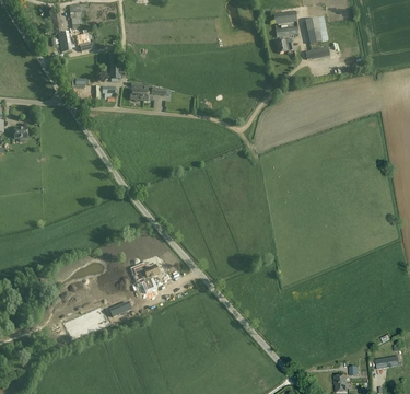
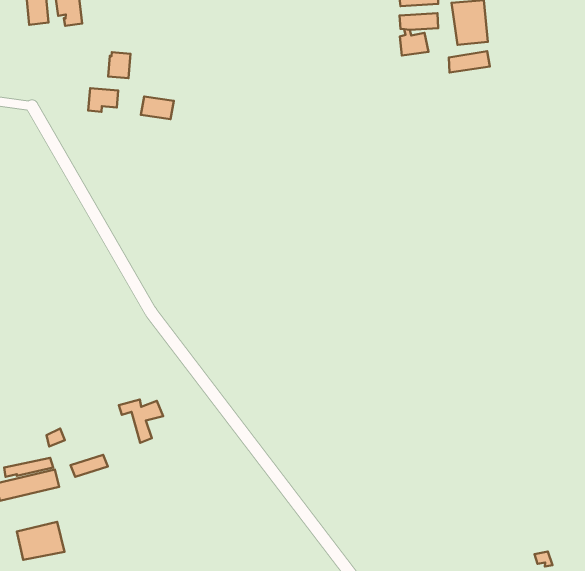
building: none -> [17,522,64,560]

